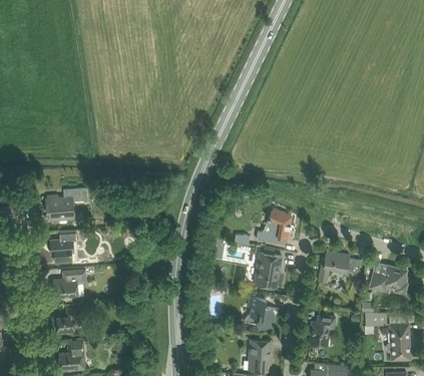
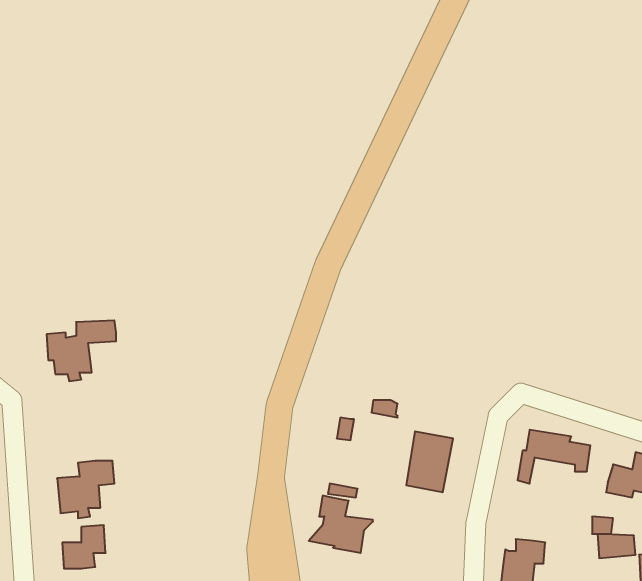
building: [256,208,291,245] -> none
building: [49,230,75,262] -> none
building: [242,295,279,328] -> [309,496,373,553]

